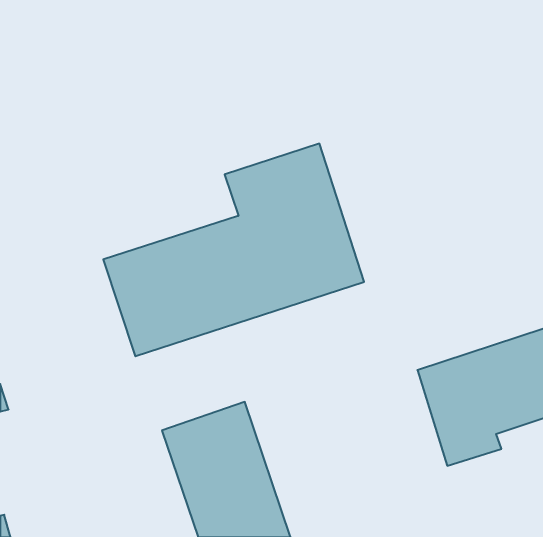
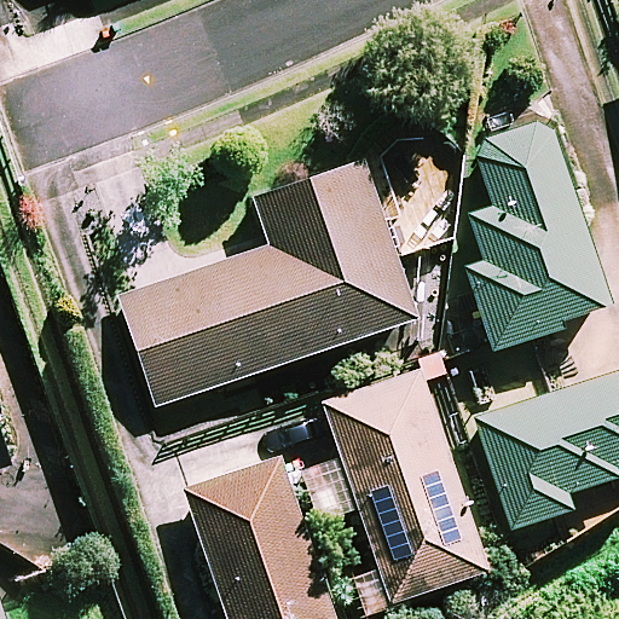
building: none -> [469,121,608,349]
building: none -> [324,370,487,604]

